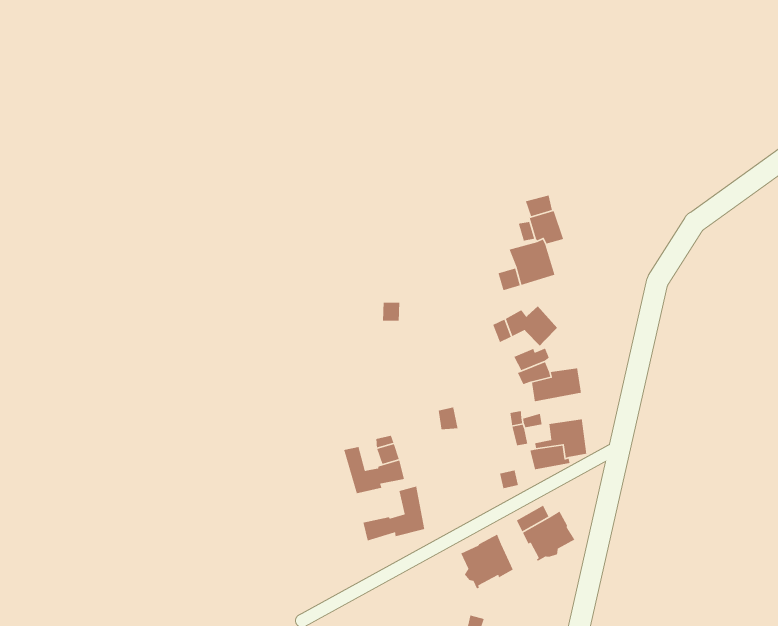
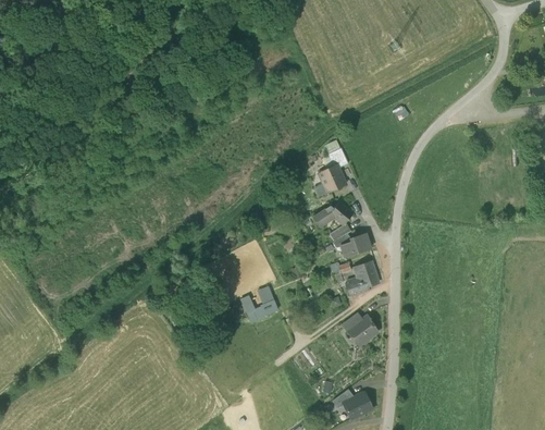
building: [362,485,425,541] -> none
building: [460,534,514,589] -> none

